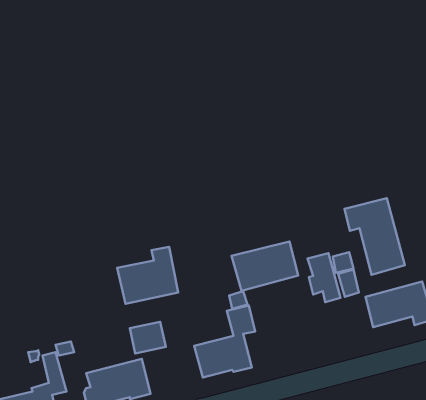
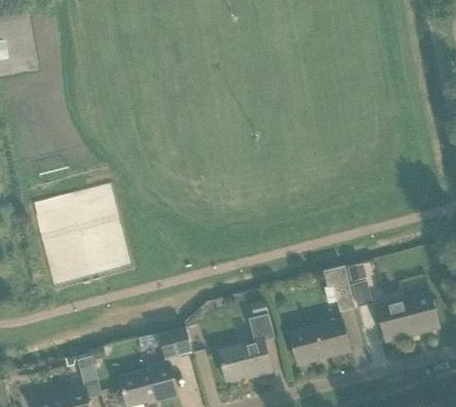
building: [344,198,405,275] -> none
building: [232,242,298,291] -> [289,319,350,365]
building: [117,247,178,304] -> none

